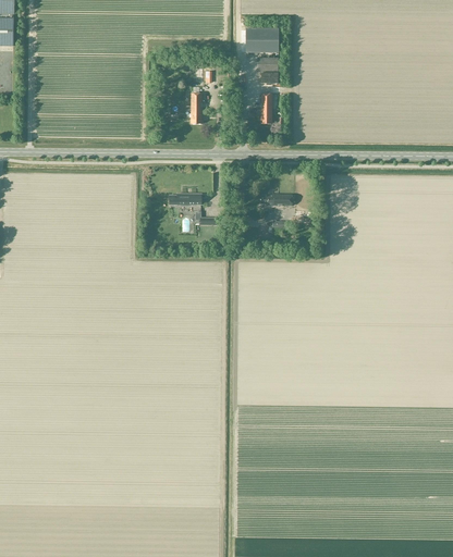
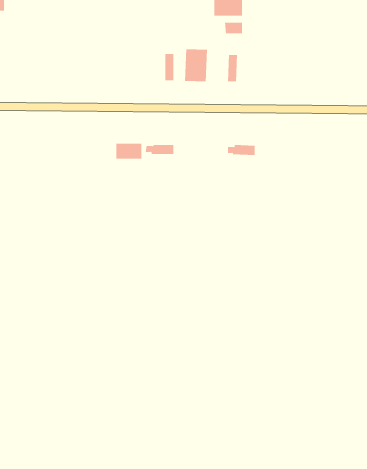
building: none -> [185,48,207,82]
building: none -> [116,143,142,160]

